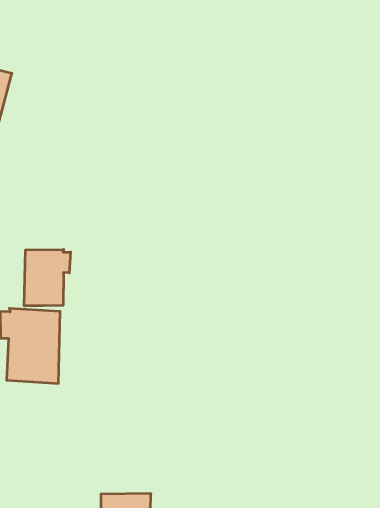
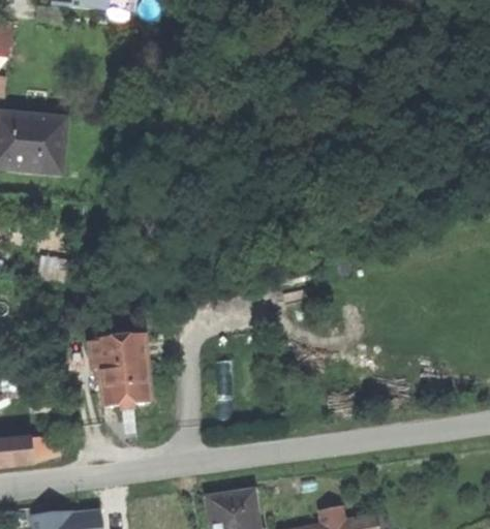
building: [24,249,71,306] -> none

